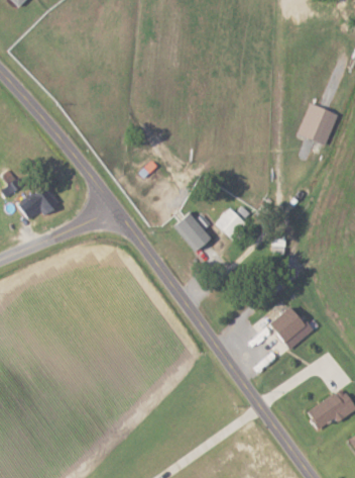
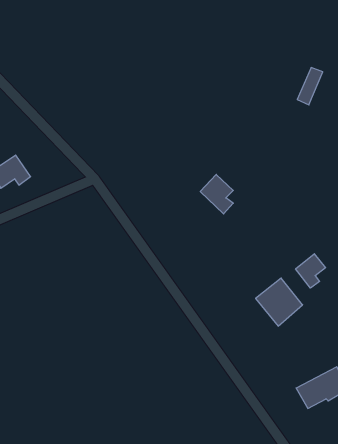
building: [173,211,214,253] -> none
building: none -> [296,254,326,288]

